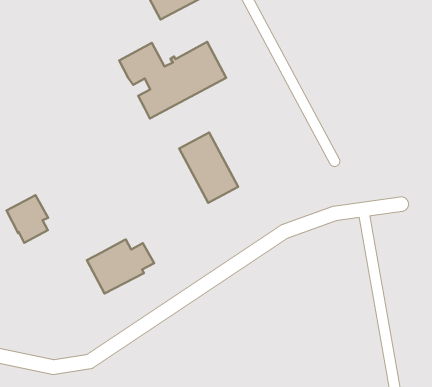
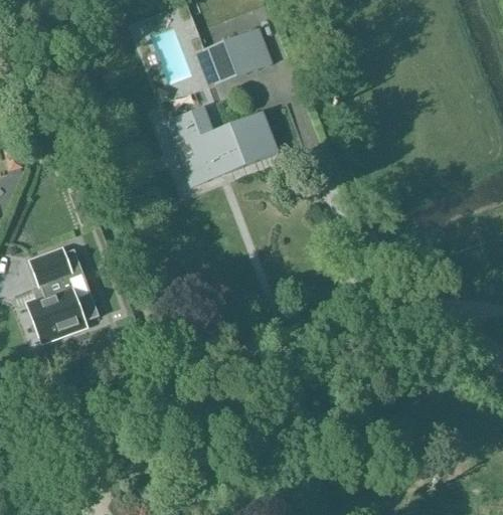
building: [179,133,238,203] -> none
building: [87,240,154,294] -> [29,287,99,340]

